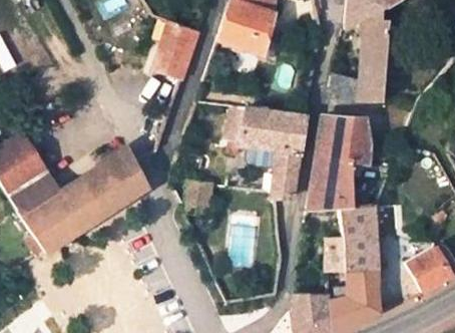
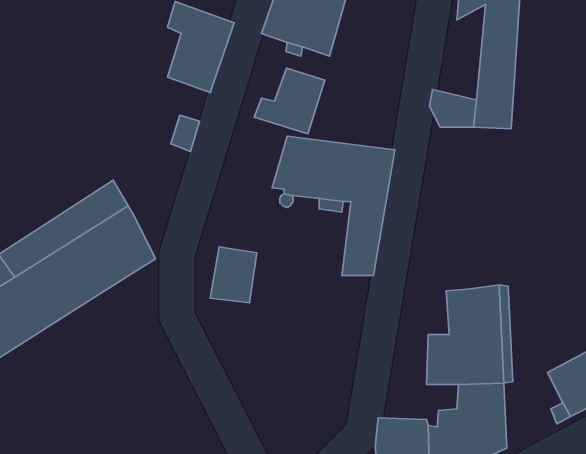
building: none -> [254,68,325,134]
building: [307,115,370,212] -> none

